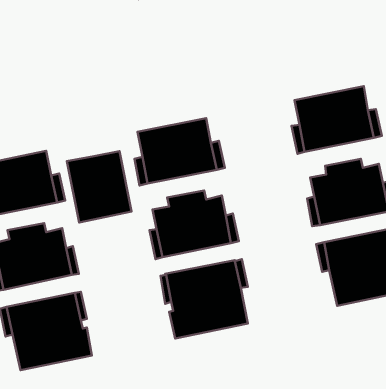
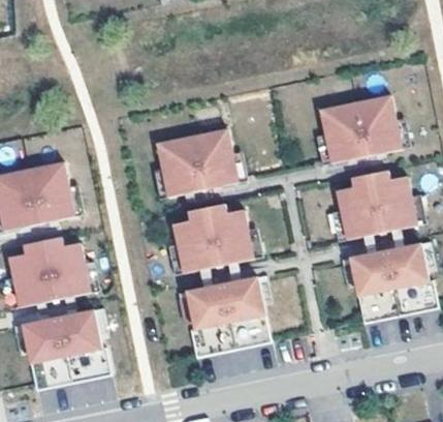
building: [67,151,131,222] -> none

